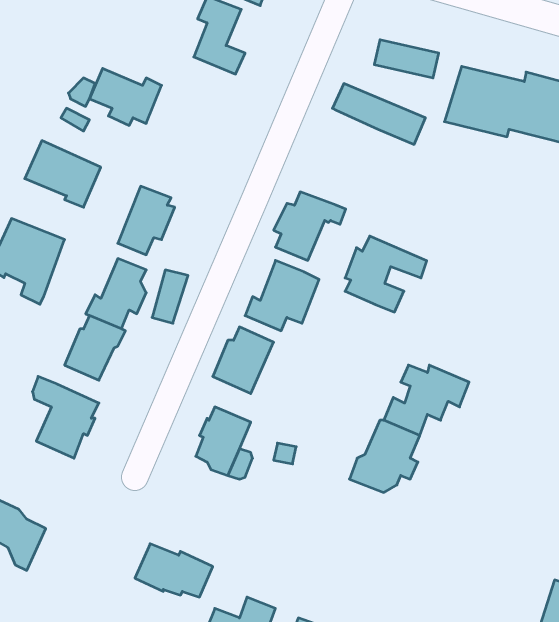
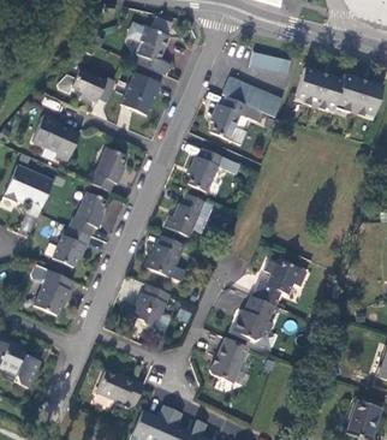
building: none -> [117,75,155,118]
building: [345,236,427,312] -> [207,99,258,147]
building: none -> [209,338,248,381]

